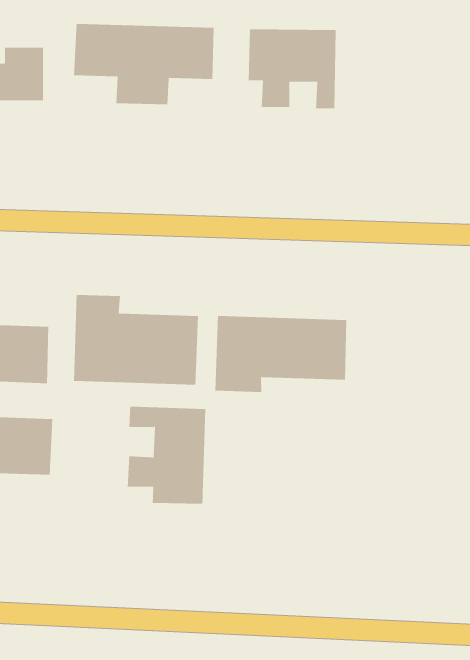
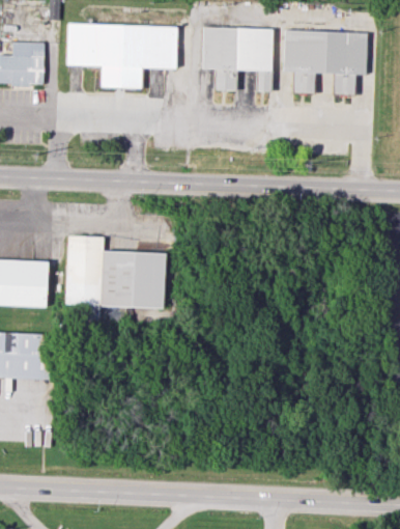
building: none -> [284,30,368,94]
building: [214,315,347,393] -> none
building: [127,406,206,505] -> none

